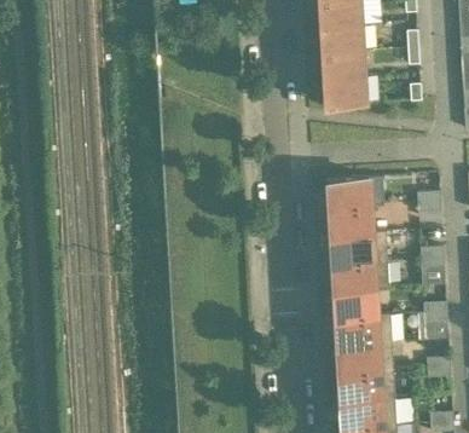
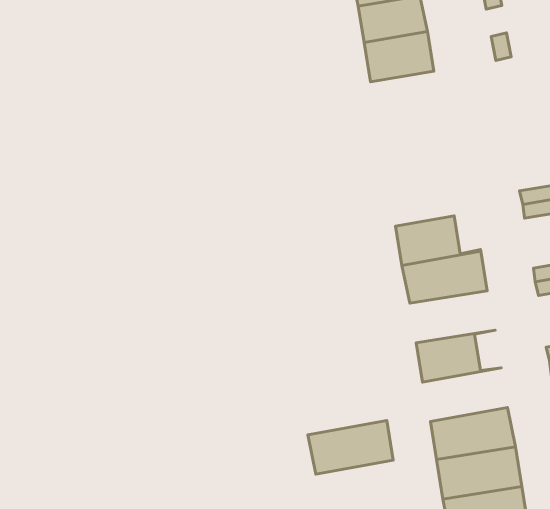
building: [328,177,370,208] -> none
building: [332,260,389,290] -> none
building: [335,314,392,346] -> [308,421,393,474]

